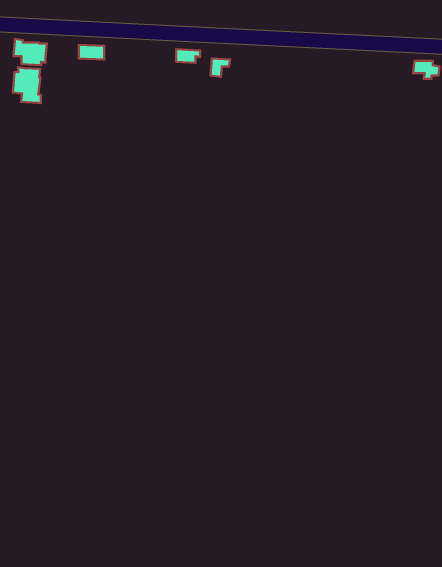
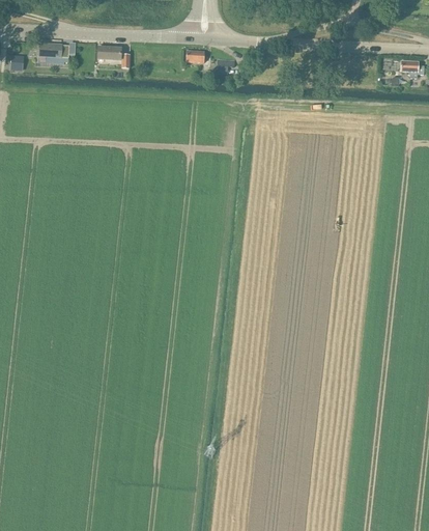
building: [13,67,41,103] -> none

